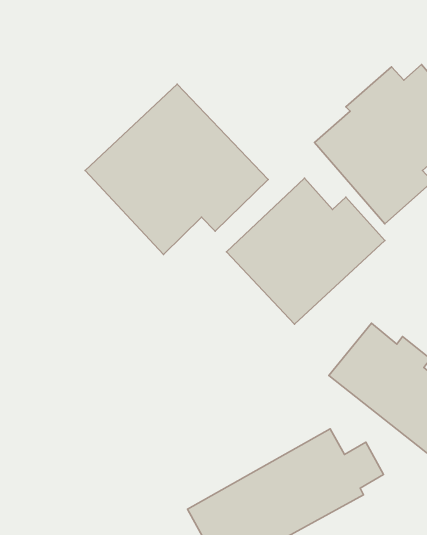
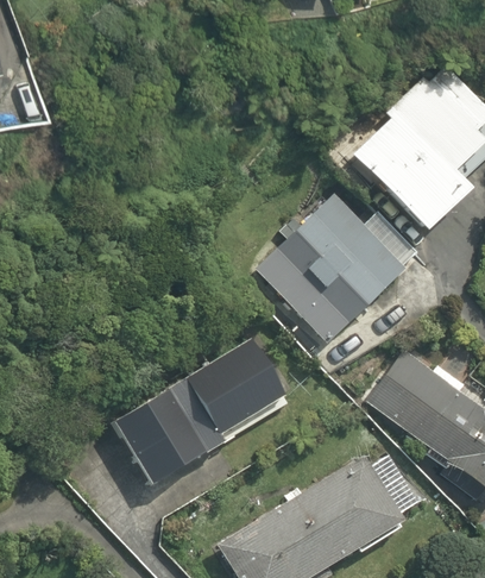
building: [85,84,268,254] -> none
building: none -> [108,337,291,484]

